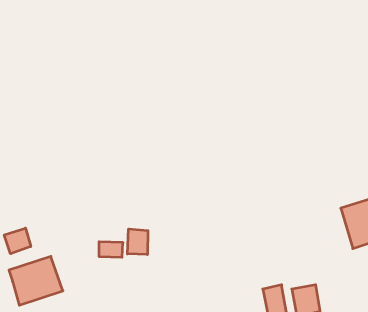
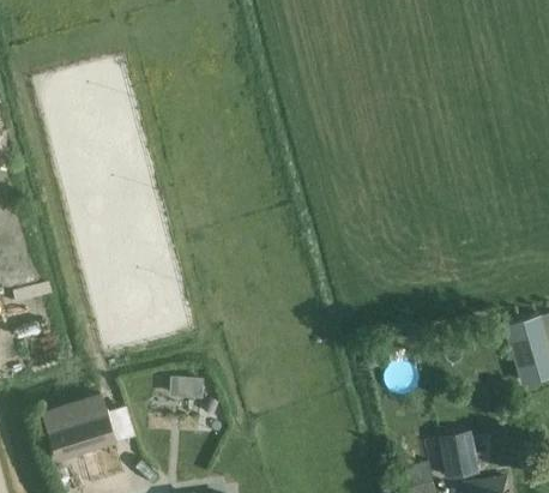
building: [4,228,31,254] -> none
building: [127,229,148,255] -> none

